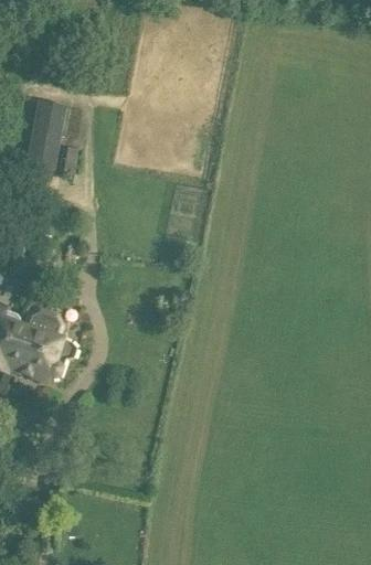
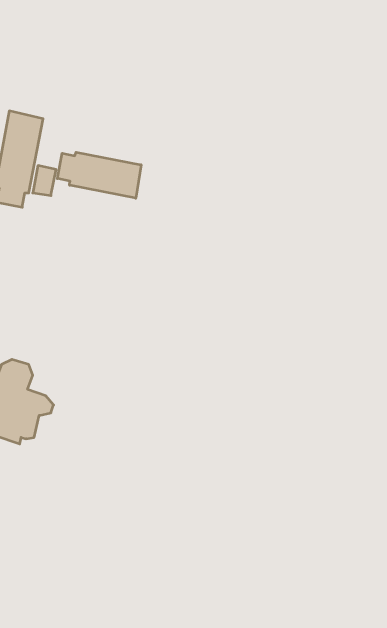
building: none -> [57,152,141,198]

